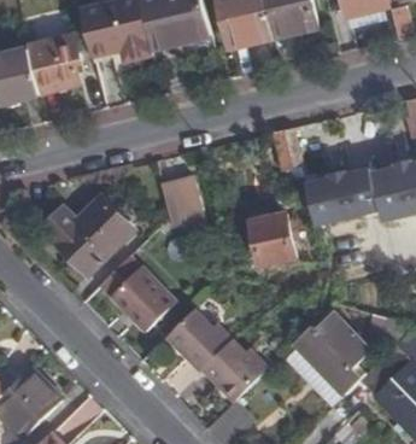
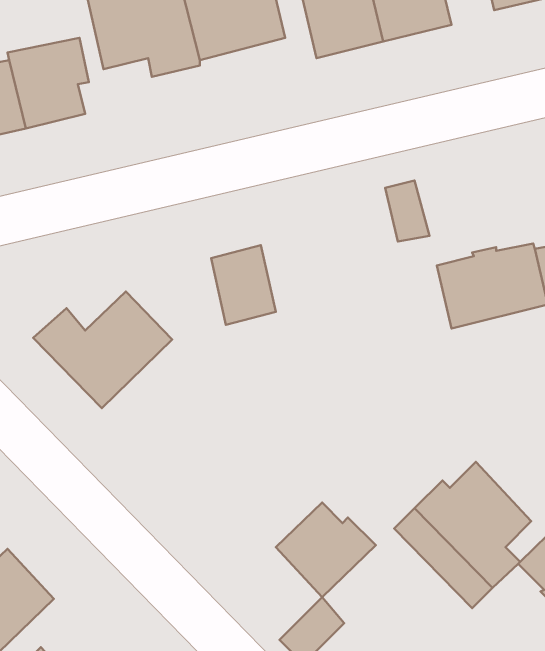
building: [253,215,297,262] -> none
building: [98,255,175,332] -> none
building: [166,308,233,370] -> none

